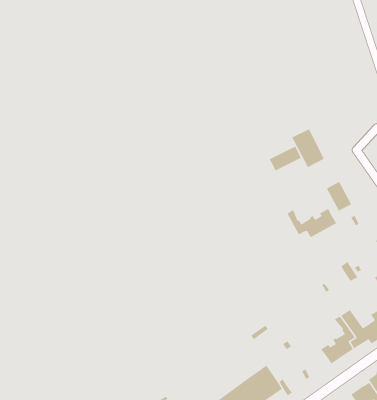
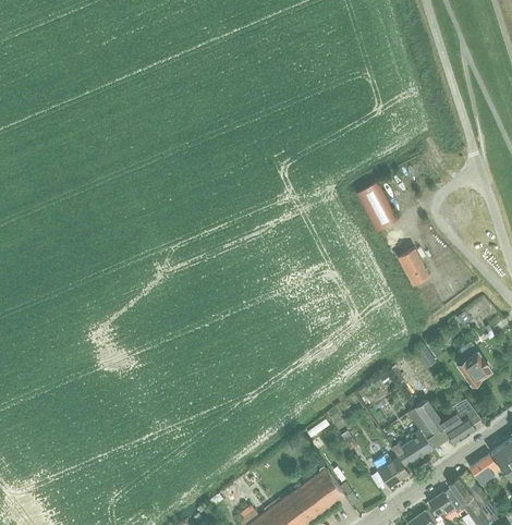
building: [269,146,302,171] -> none
building: [287,208,337,238] -> none
building: none -> [373,454,409,488]

